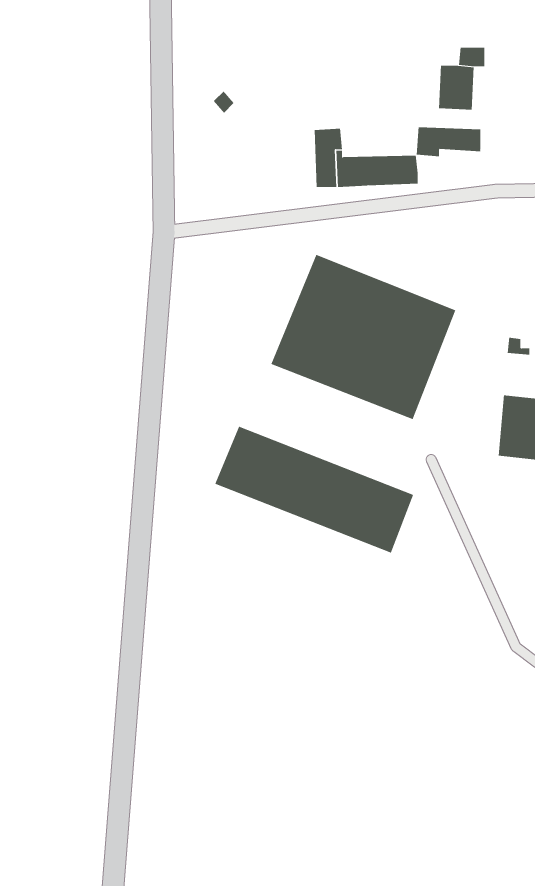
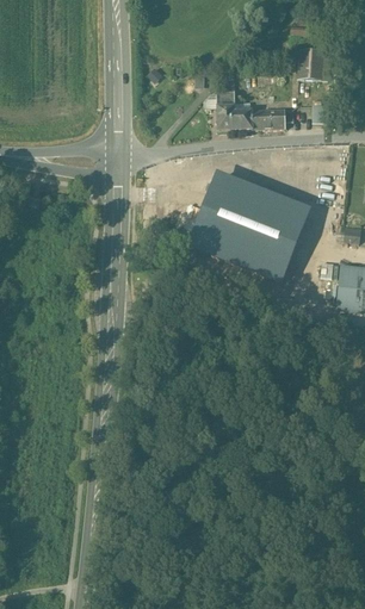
building: [416,126,481,157] -> none
building: [214,426,414,554] -> none

